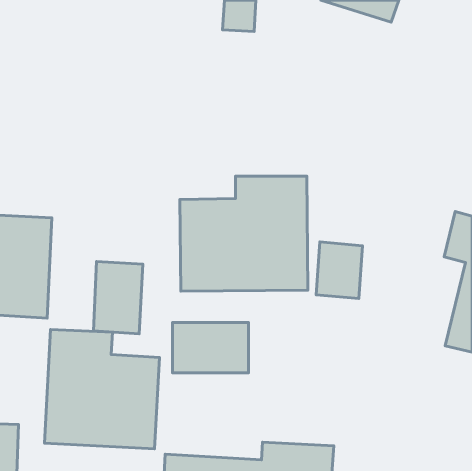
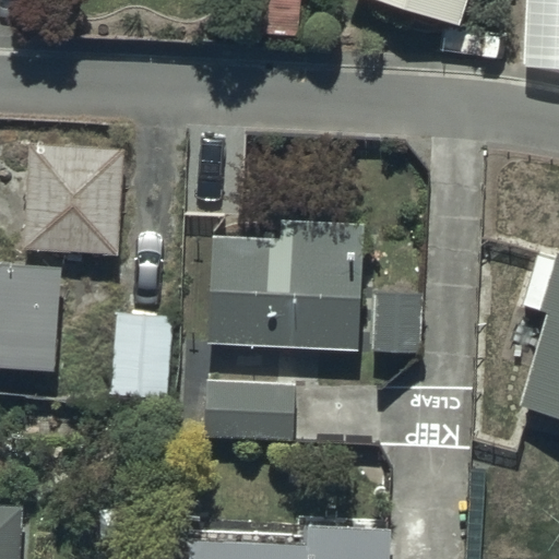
building: none -> [22,140,121,257]
building: [45,330,159,449] -> none

